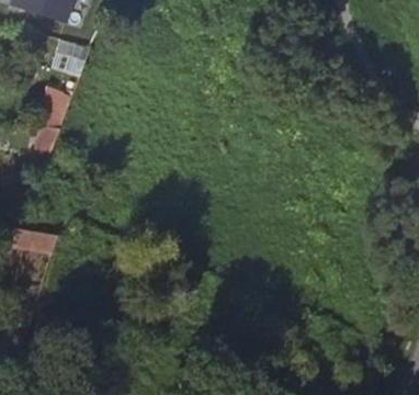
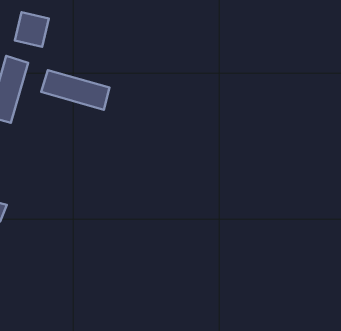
building: none -> [41,70,109,110]

